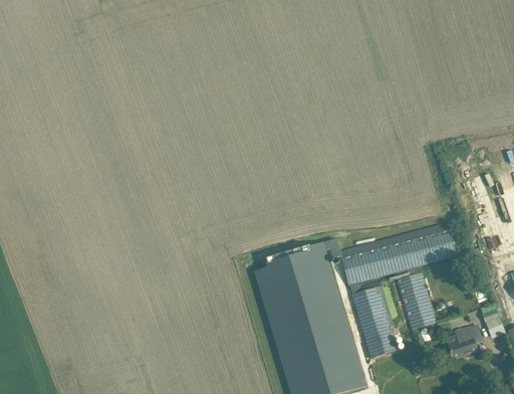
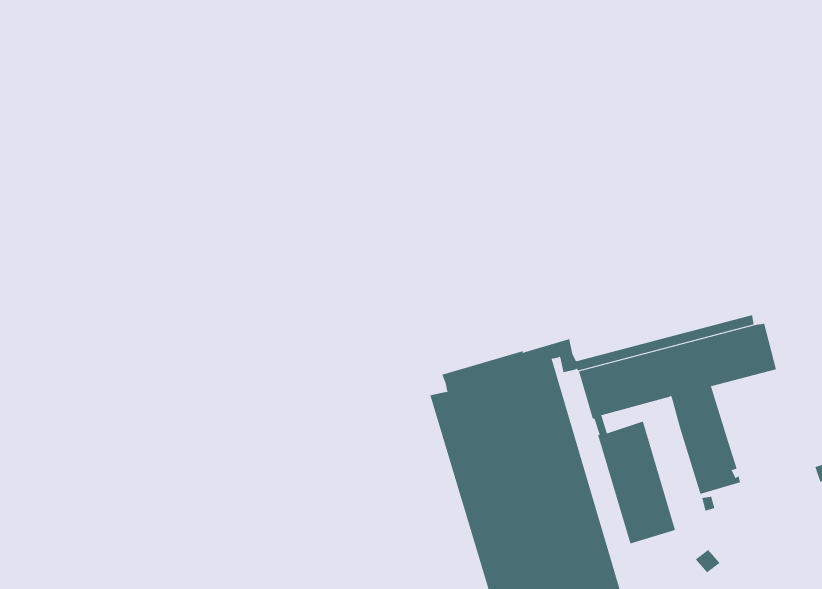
building: [449,327,478,360] -> none

